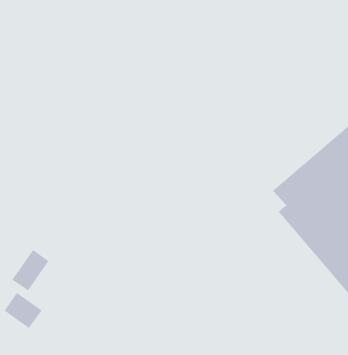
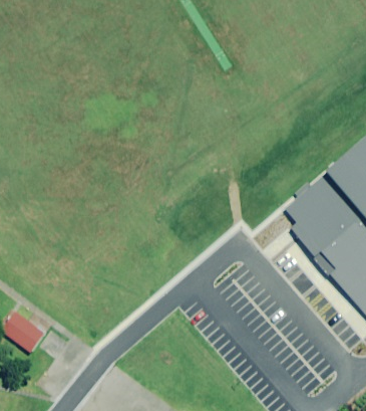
building: [11,249,49,291] -> none

